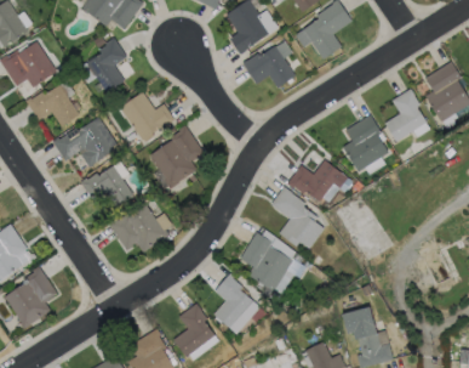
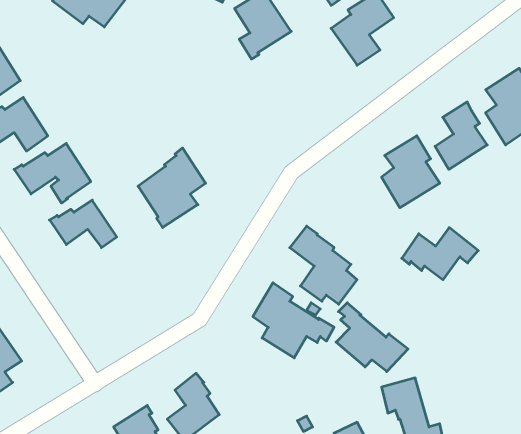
building: [87,38,127,94] -> none
building: [242,46,296,89] -> none
building: [120,92,175,142] -> none
building: [287,160,348,202] -> [402,228,478,280]
building: [109,205,167,254] -> none
building: none -> [336,303,408,372]
building: [215,273,253,328] -> none

